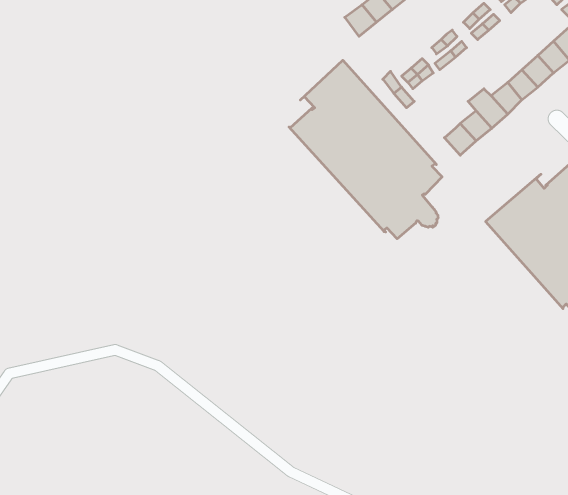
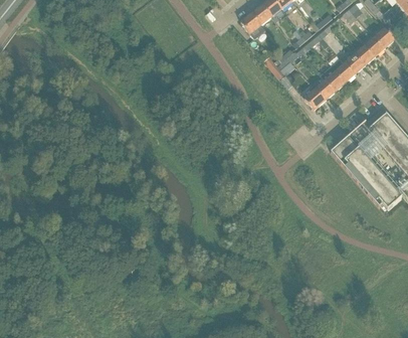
building: [289,60,442,239] -> none

